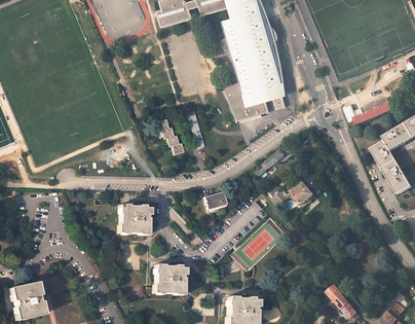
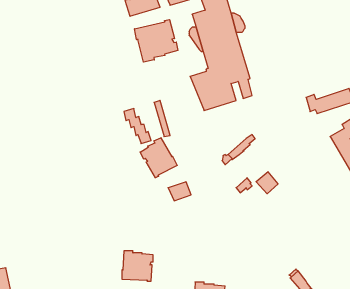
building: none -> [135,20,178,62]
building: none -> [140,138,177,178]
building: [117,205,149,236] -> none

